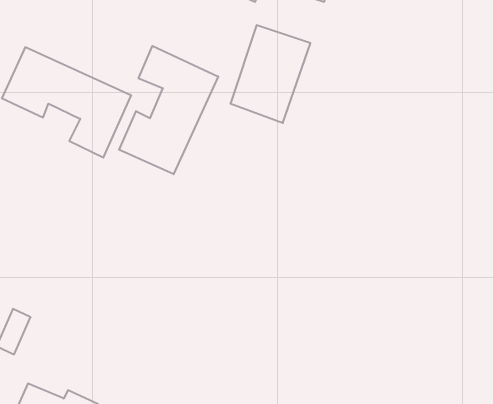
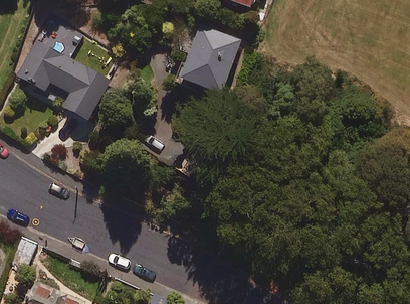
building: [119,46,218,174] -> none

